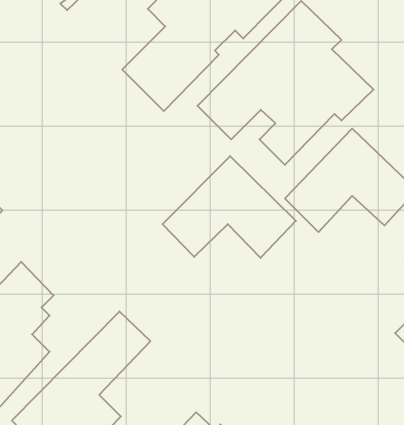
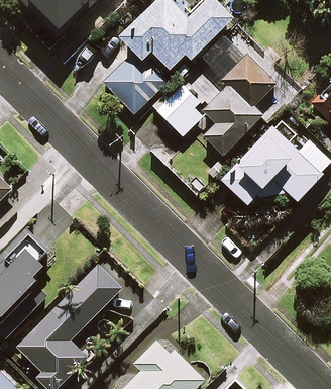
building: [163,156,296,258] -> none

